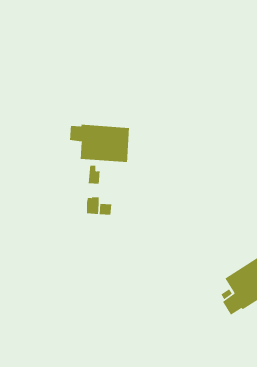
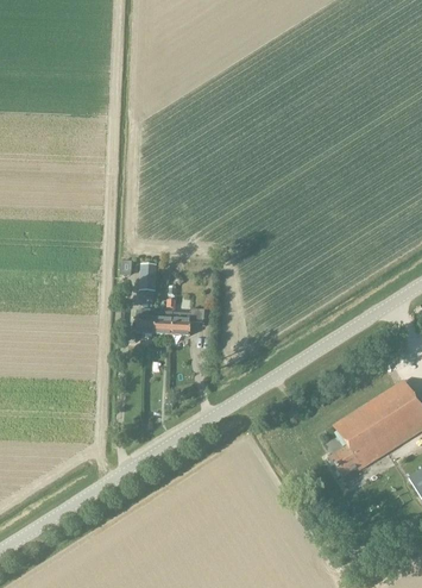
building: [70,124,130,163] -> none
building: none -> [174,306,204,332]

